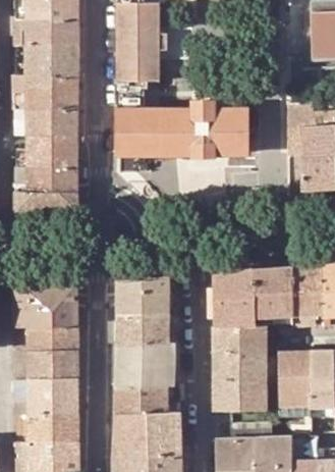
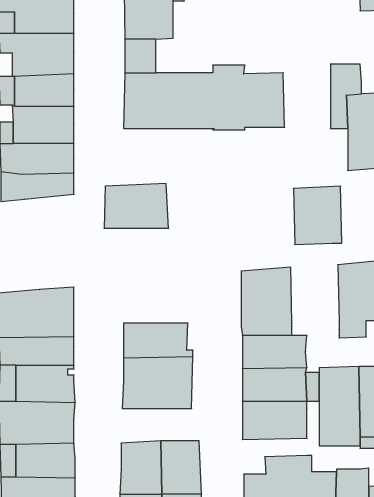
building: [255,267,294,315] -> [293,186,342,244]
building: [117,278,170,315] -> [104,184,169,228]
building: [115,385,179,414] -> none

